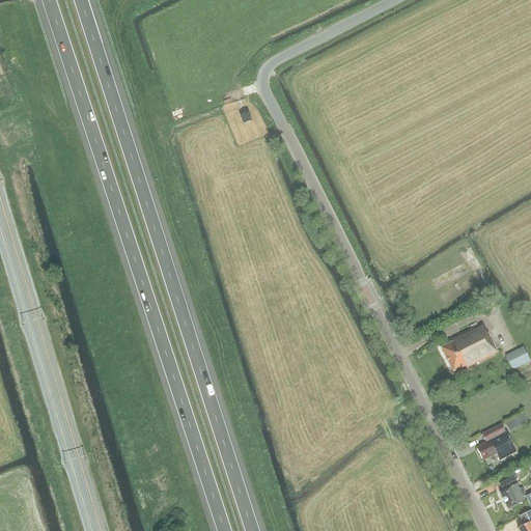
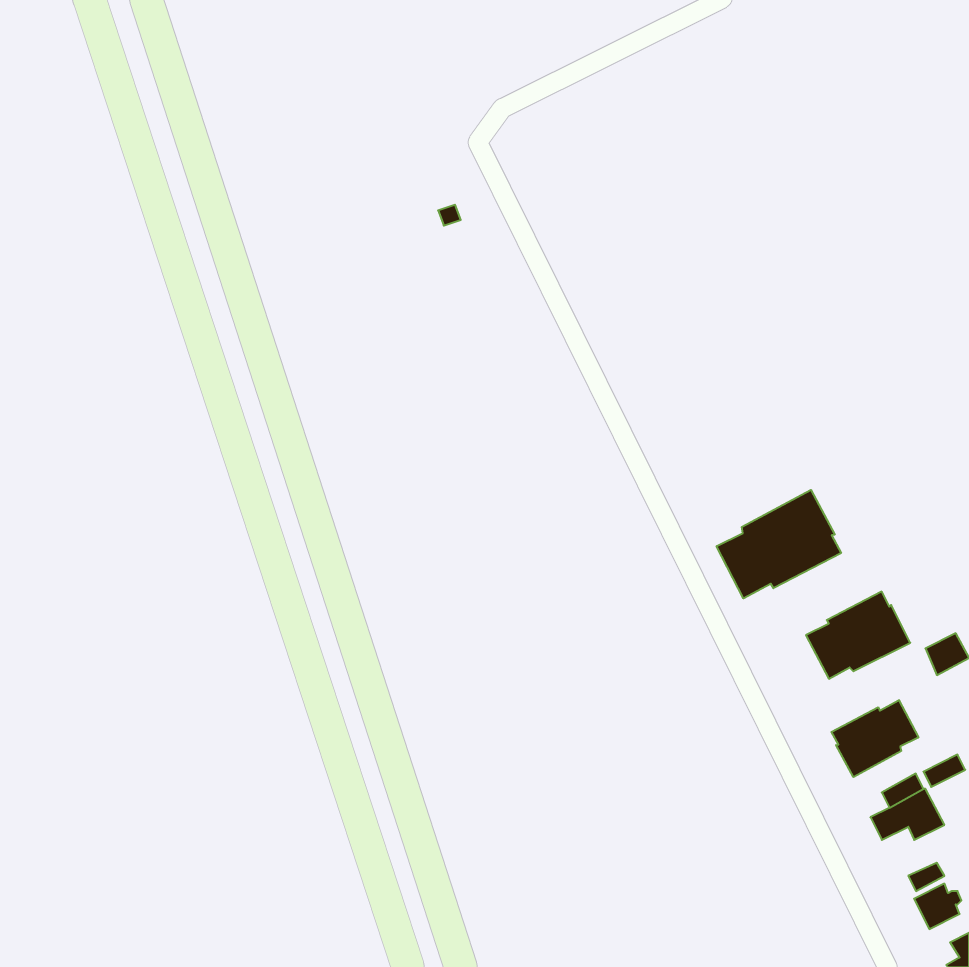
building: none -> [717,490,841,598]
building: none -> [831,700,918,777]

